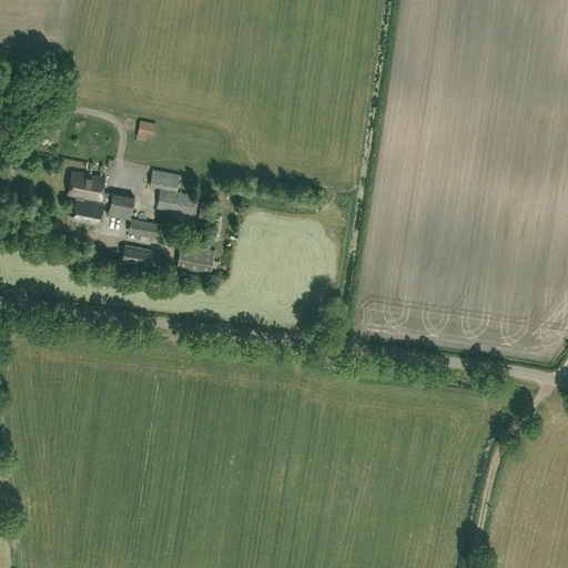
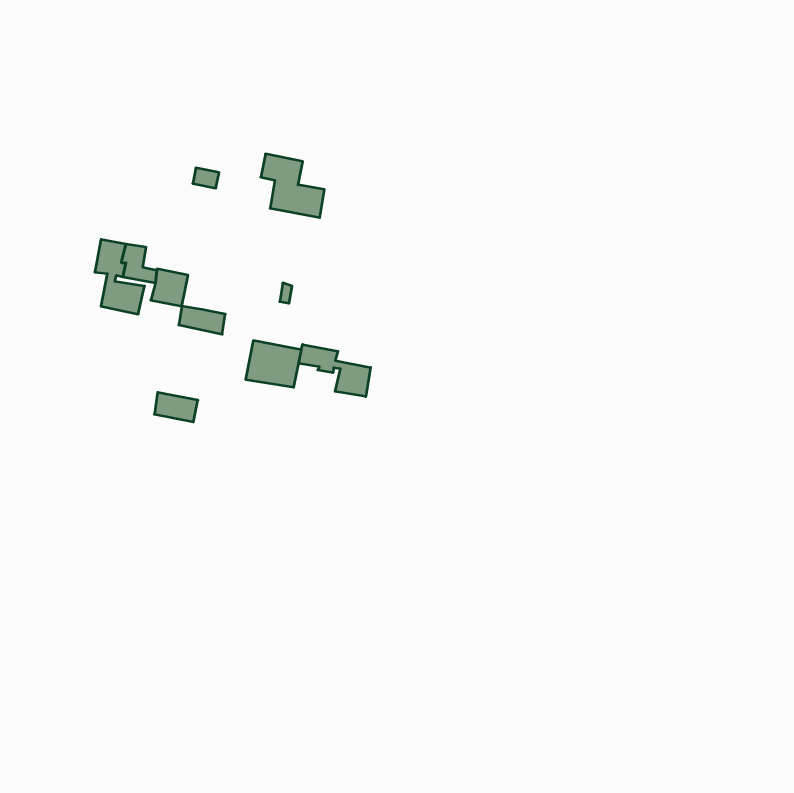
building: [150,170,195,215] -> [261,154,324,218]
building: [122,245,153,266] -> [154,392,198,422]
building: none -> [299,344,371,397]

